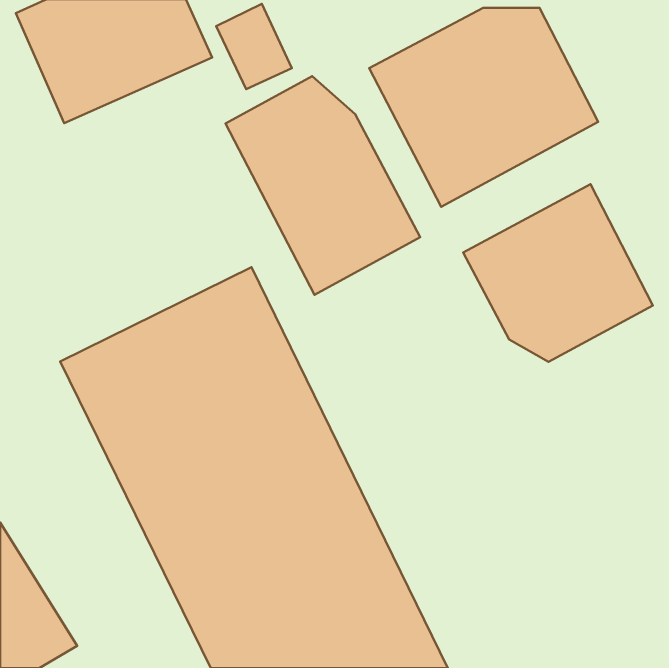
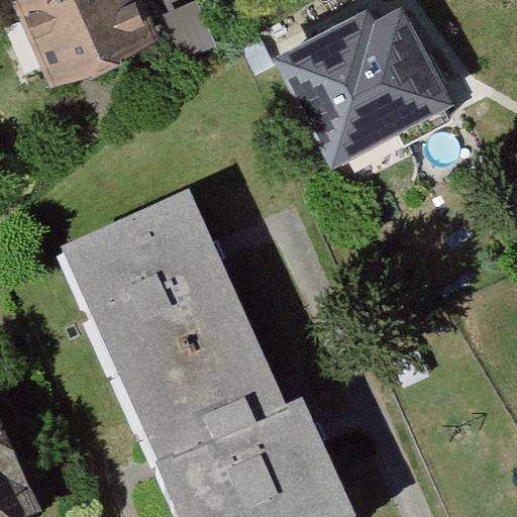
building: [226,76,420,295] -> none
building: [463,184,653,362] -> none

